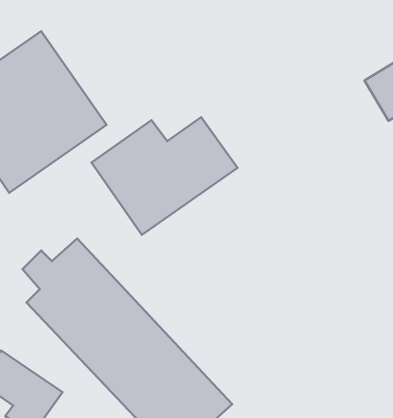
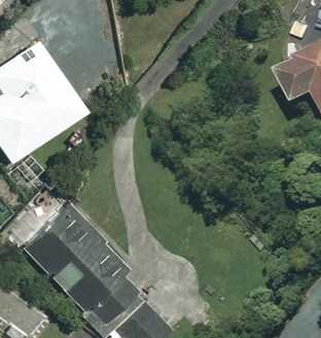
building: [91,117,238,235] -> none

